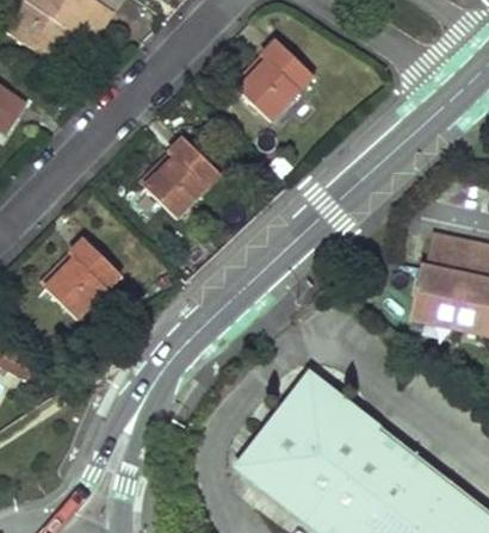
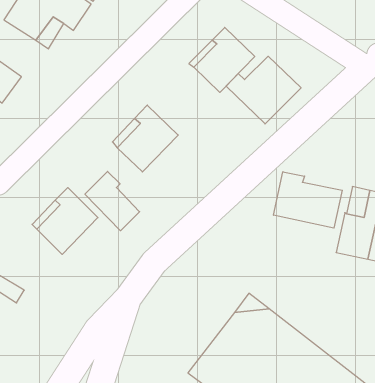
building: none -> [226,56,301,124]
building: none -> [85,171,140,231]
building: none -> [274,172,342,228]

